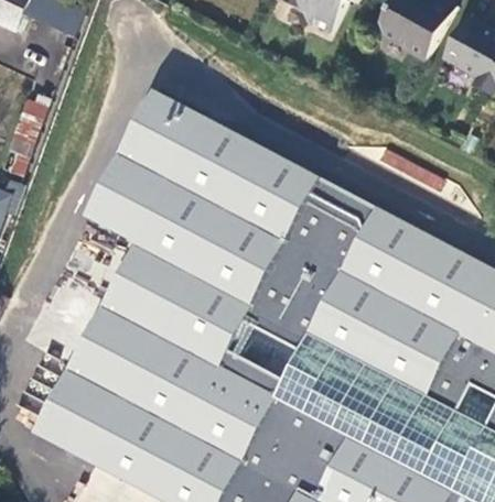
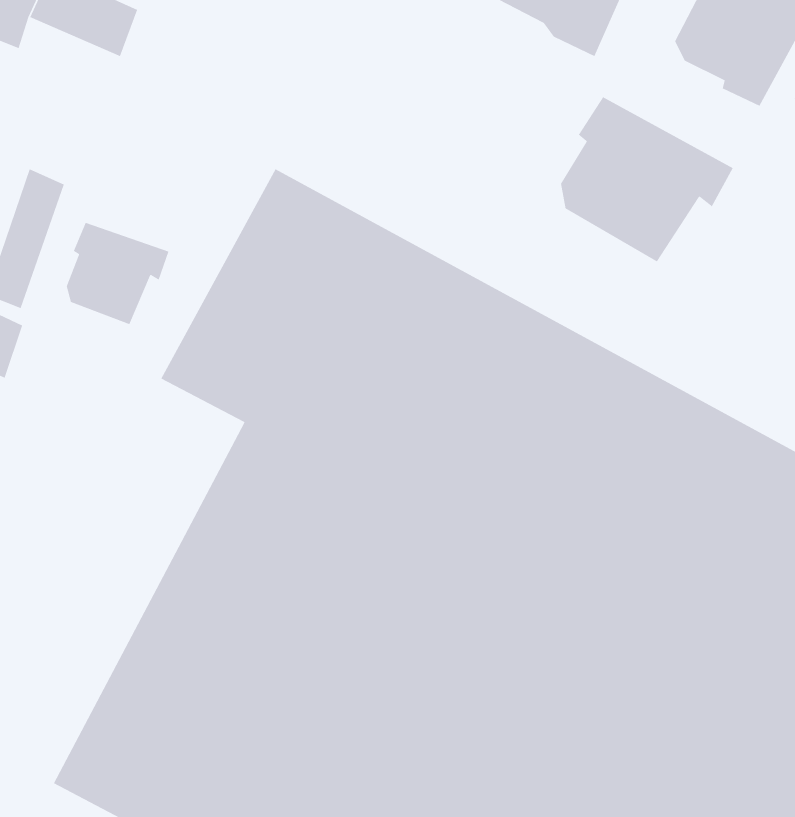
building: none -> [560,96,734,262]
building: none -> [66,222,169,325]

